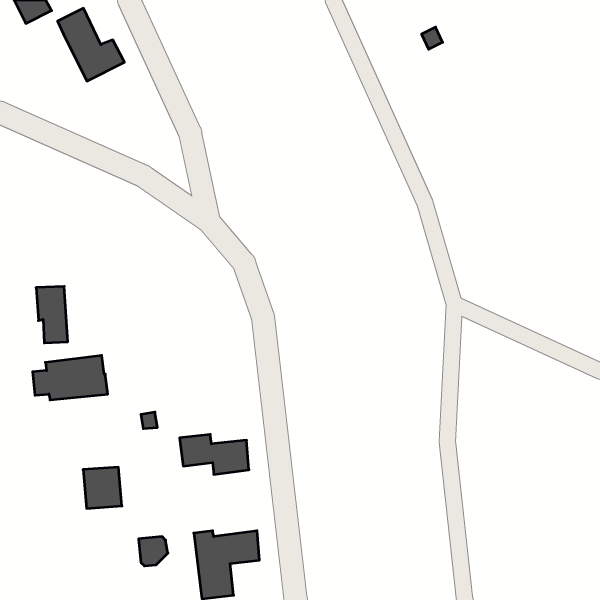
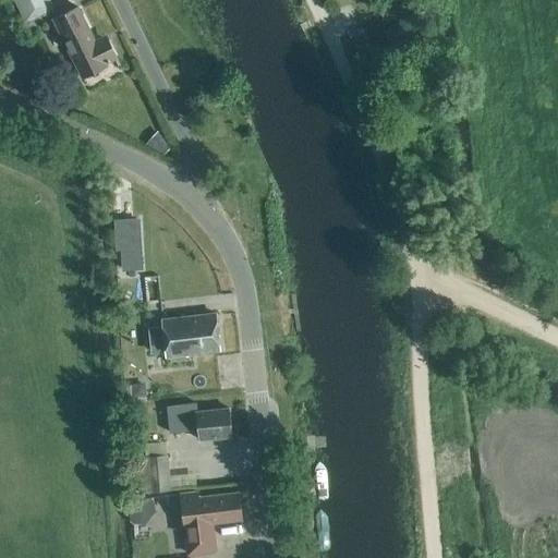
building: [36,286,68,343] -> [113,219,143,271]
building: [33,355,108,400] -> [150,314,220,355]
building: [83,467,122,508] -> [135,456,171,494]

